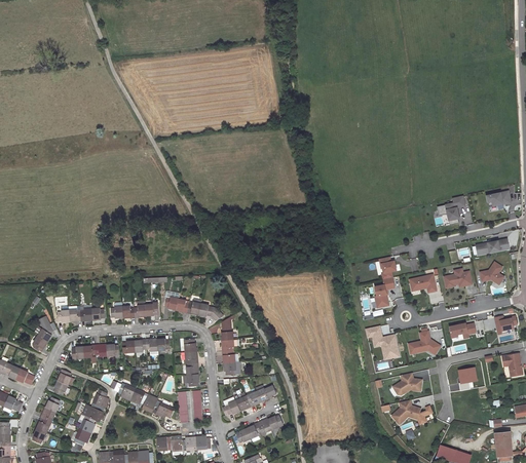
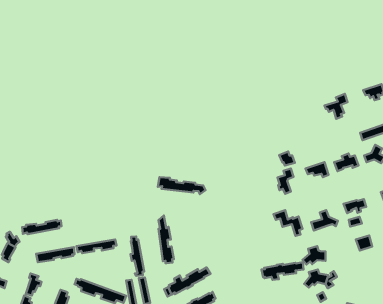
building: [165,294,222,319] -> [158,177,205,194]
building: [112,302,159,318] -> none
building: none -> [261,262,304,280]

